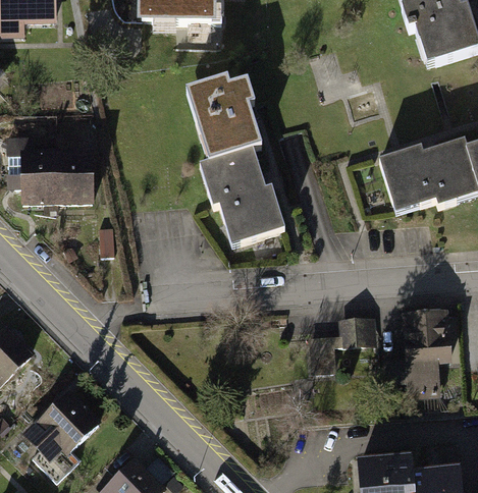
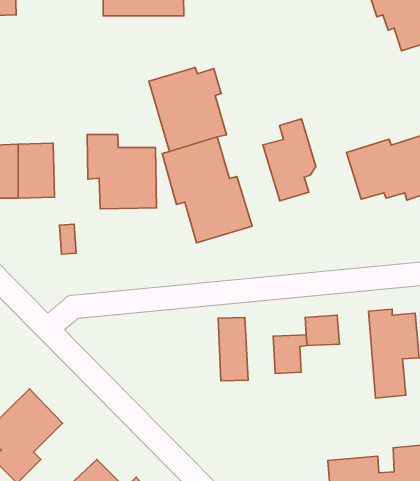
building: none -> [263,119,316,201]
building: none -> [87,134,157,209]
building: none -> [218,317,248,381]

